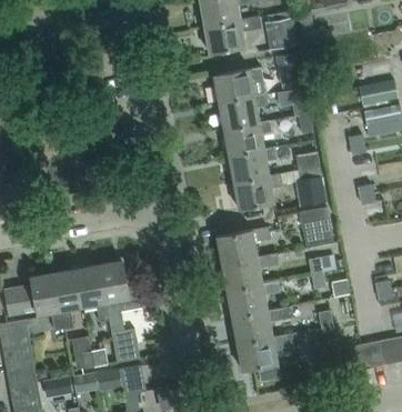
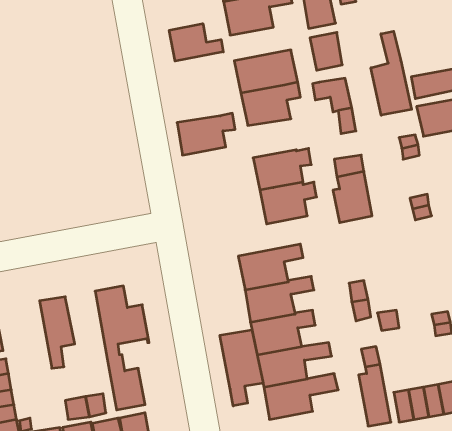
building: none -> [169,24,223,61]
building: none -> [371,31,412,115]
building: [224,120,272,154] -> [177,113,235,155]
building: [299,208,333,243] -> none
building: [74,264,109,322] -> none
building: [29,272,63,330] -> none
building: none -> [220,330,263,406]

